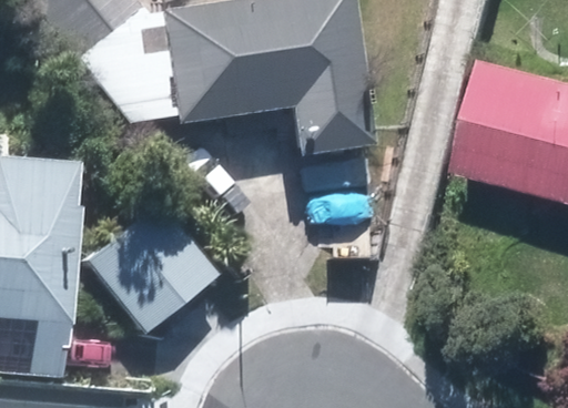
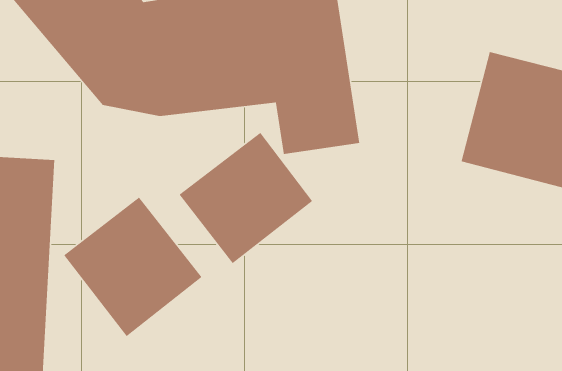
building: none -> [179,132,313,264]

